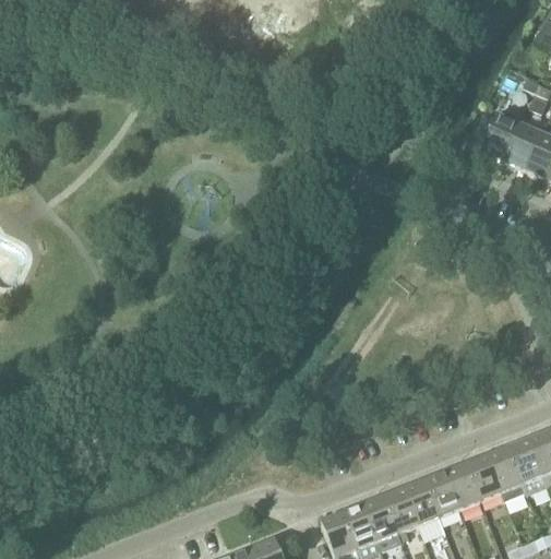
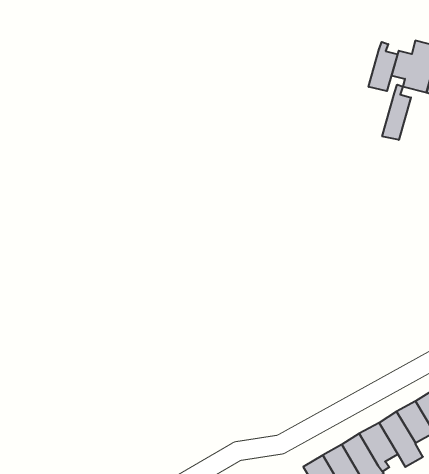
building: none -> [369,42,398,91]
building: none -> [382,85,411,140]

